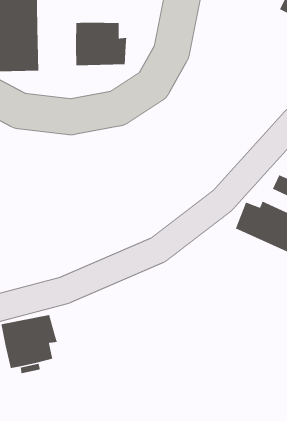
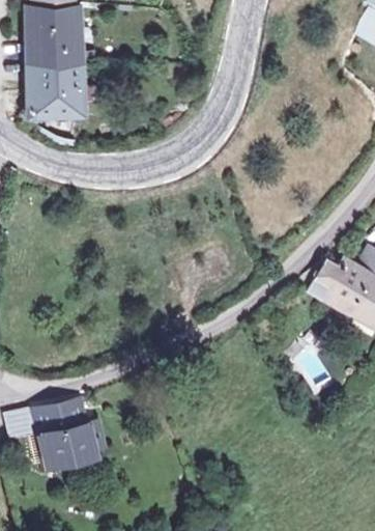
building: [75,22,127,66] -> none

